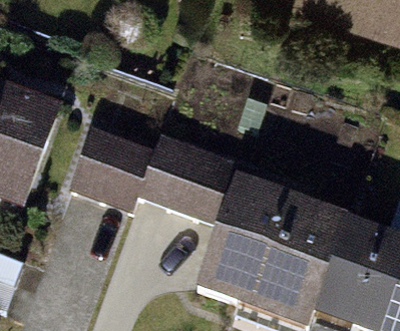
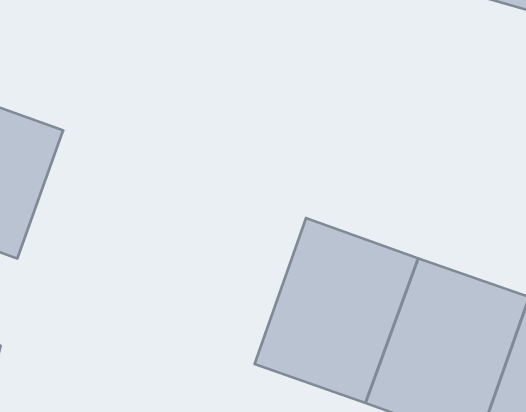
building: [65,132,222,212] -> none

